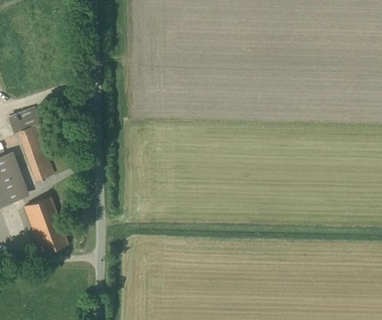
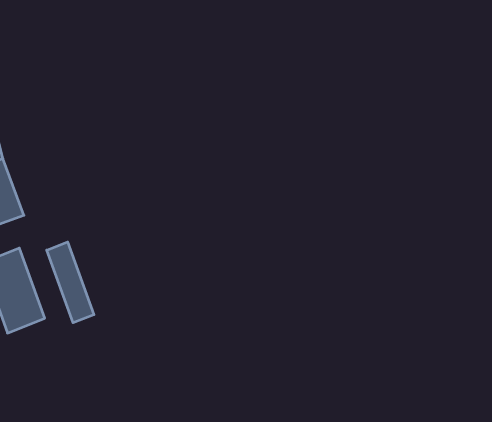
building: none -> [47,242,94,323]

